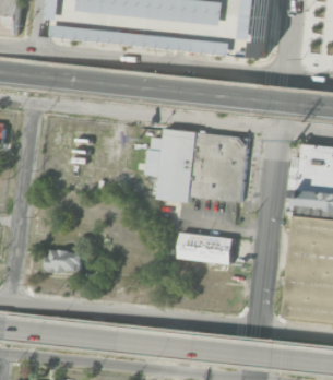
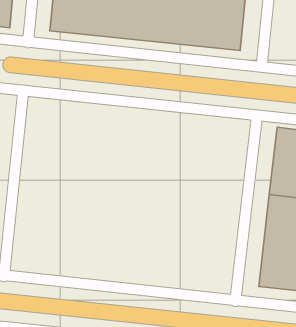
building: [144,129,247,202] -> none
building: [176,231,233,263] -> none
building: [45,249,80,271] -> none

